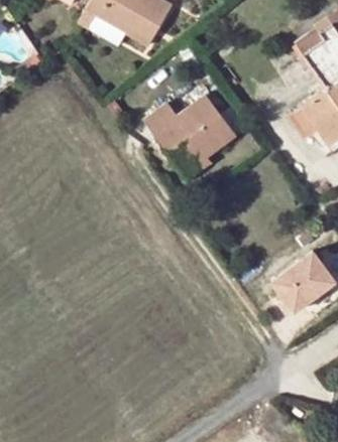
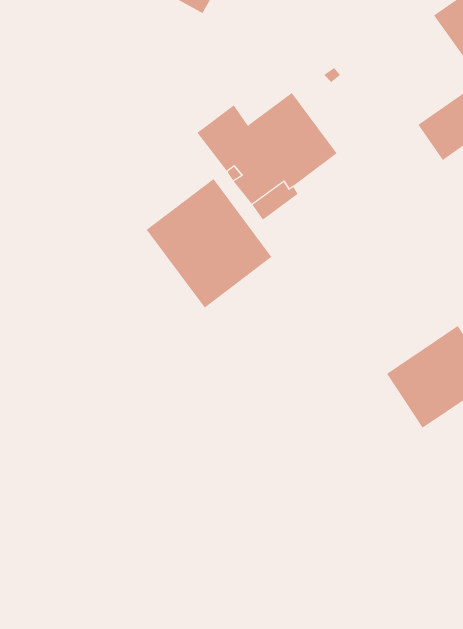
building: none -> [146,178,272,308]

